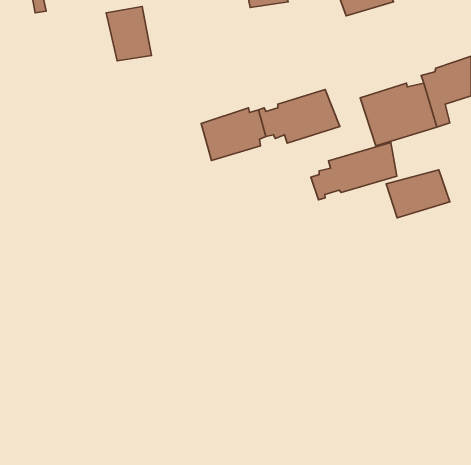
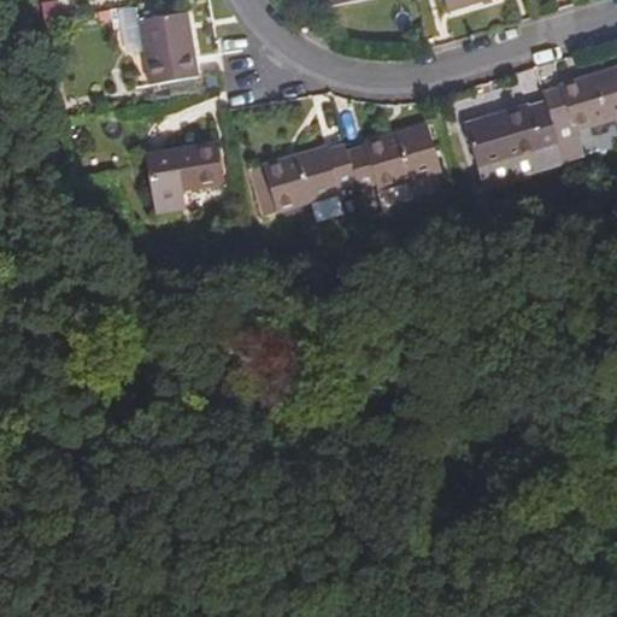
building: none -> [145,136,219,207]
building: [311,143,397,200] -> none
building: [386,170,450,218] -> none

